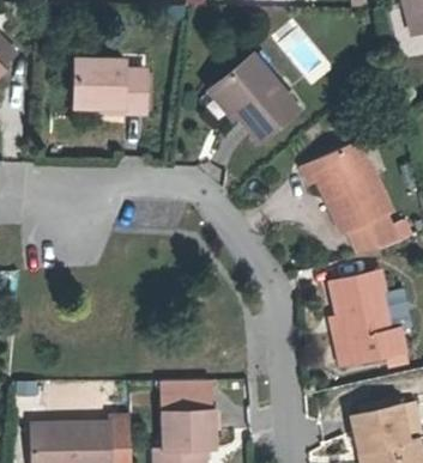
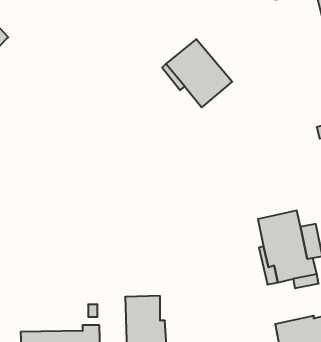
building: [74,59,144,112] -> none
building: [301,141,398,254] -> none

